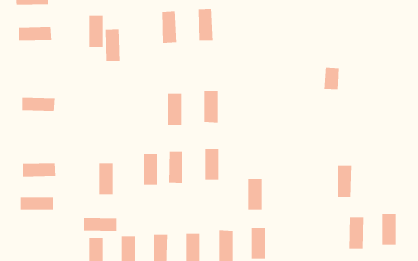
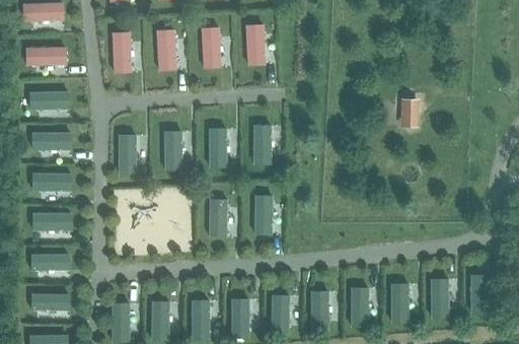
building: [105,28,120,62] -> [157,28,176,69]
building: none -> [28,90,70,109]
building: none -> [31,173,73,191]
building: [143,153,158,186] -> [164,131,182,170]
building: [99,163,114,195] -> [119,134,137,174]
building: [337,165,352,198] -> [392,283,411,324]
building: [248,178,262,211] -> [352,287,370,327]
building: [83,217,117,232] -> [29,293,71,312]

